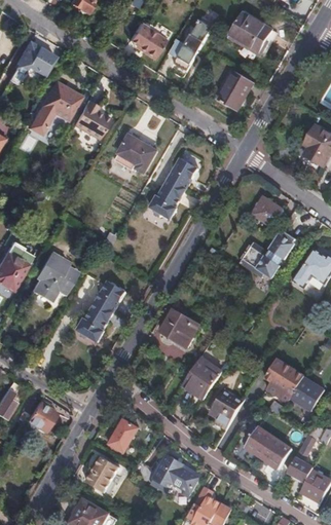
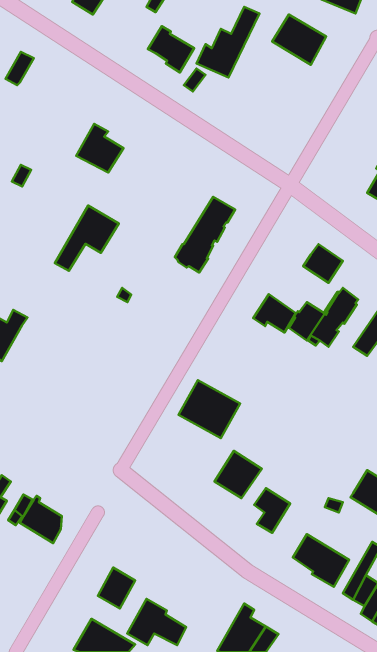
building: [25,47,51,76] -> none
building: [216,70,252,110] -> none
building: [27,83,78,136] -> [55,206,119,271]
building: [116,136,154,174] -> none
building: none -> [253,294,296,333]
building: [30,252,75,301] -> none
building: [75,280,124,341] -> none
building: [265,360,304,396] -> none
building: [108,417,138,451] -> none
building: [150,452,197,489] -> [127,599,186,645]

